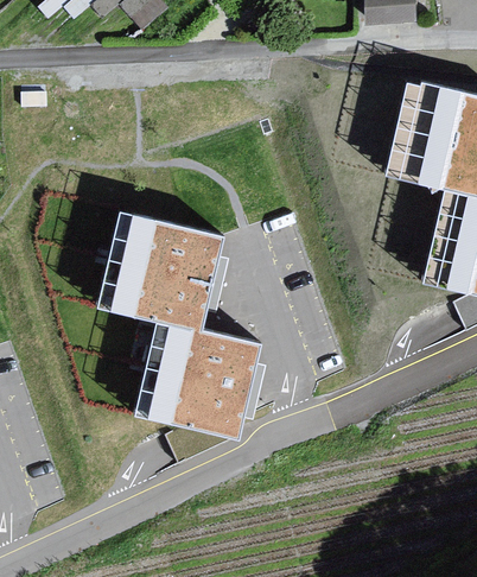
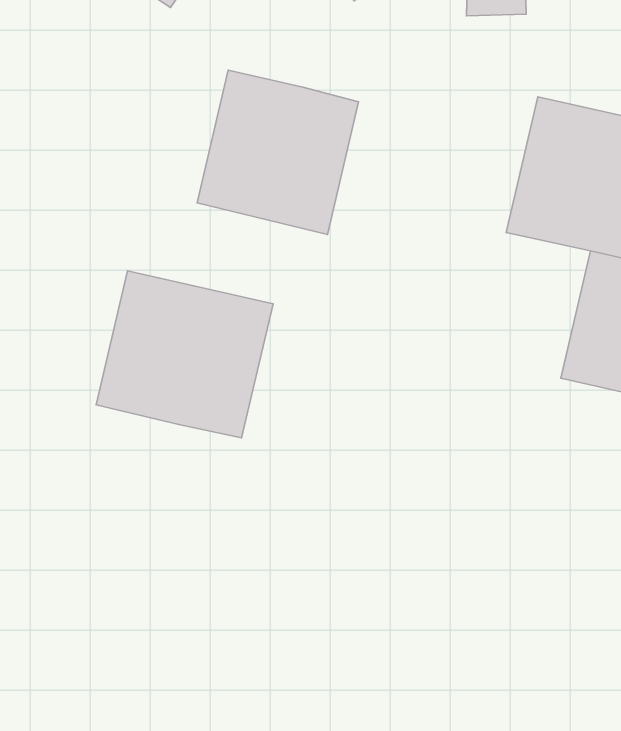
building: none -> [197,70,359,234]
building: [134,319,260,435] -> none

